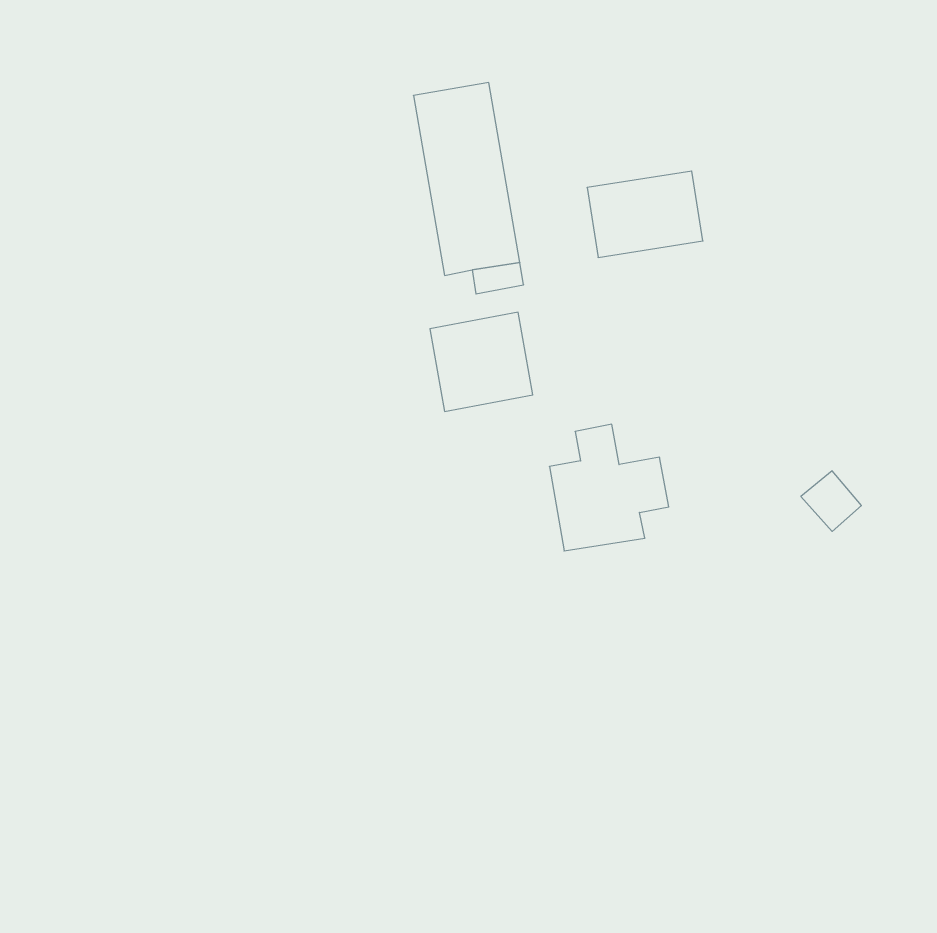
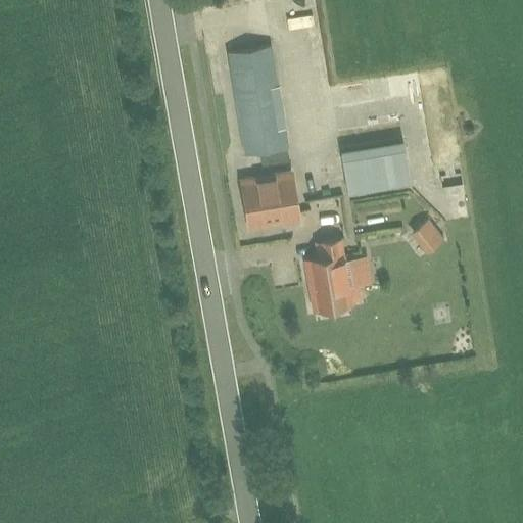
building: [587,171,703,257] -> [342,145,407,193]
building: [801,471,861,531] -> [412,223,445,256]

